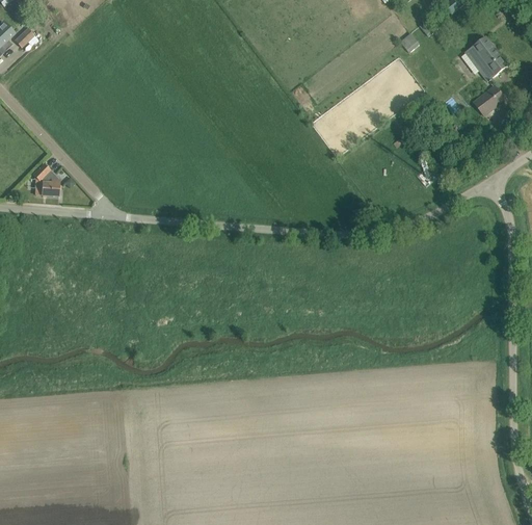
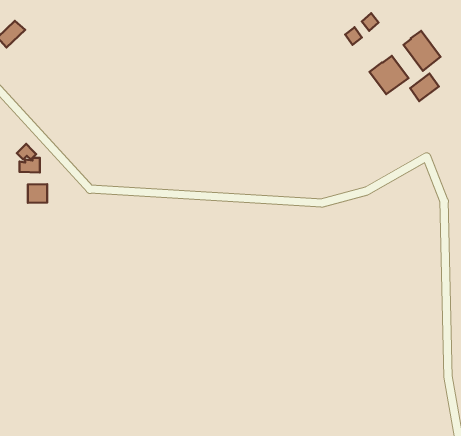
building: none -> [369,56,409,94]
building: none -> [28,184,47,203]

